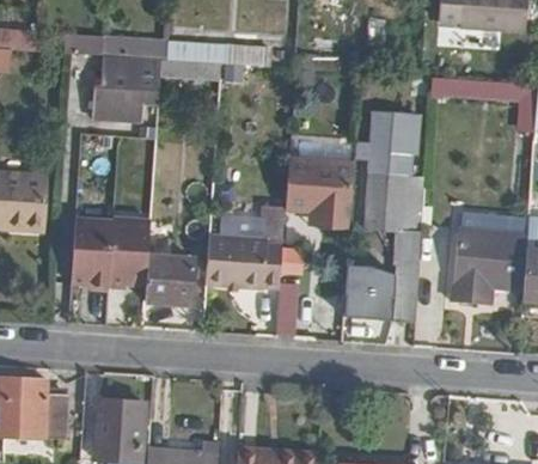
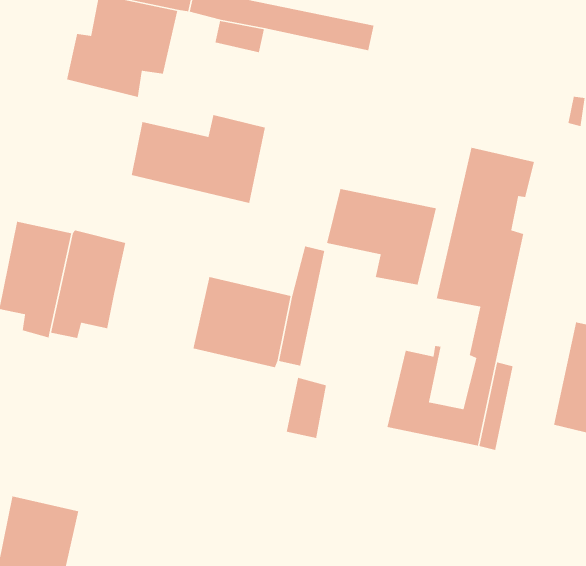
building: none -> [131,114,266,204]
building: [145,252,196,303] -> none

